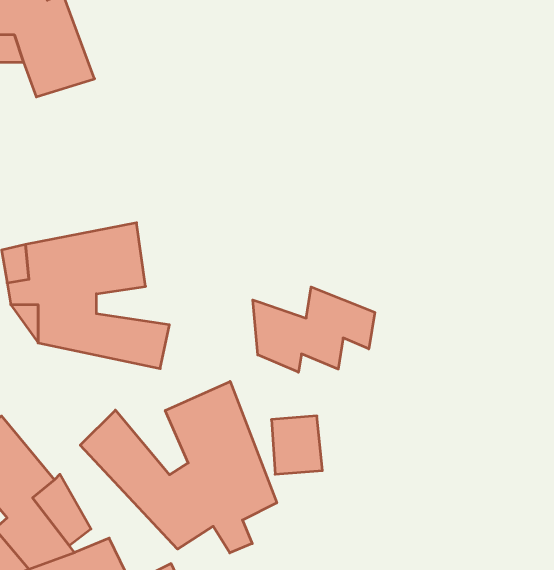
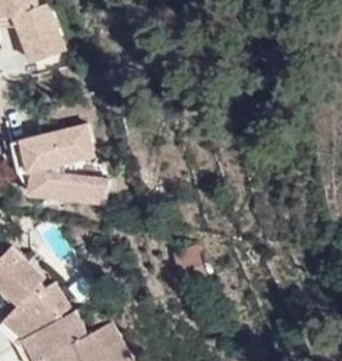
building: [253,287,375,372] -> none
building: [80,381,277,553] -> none

